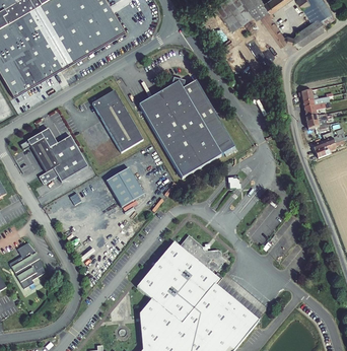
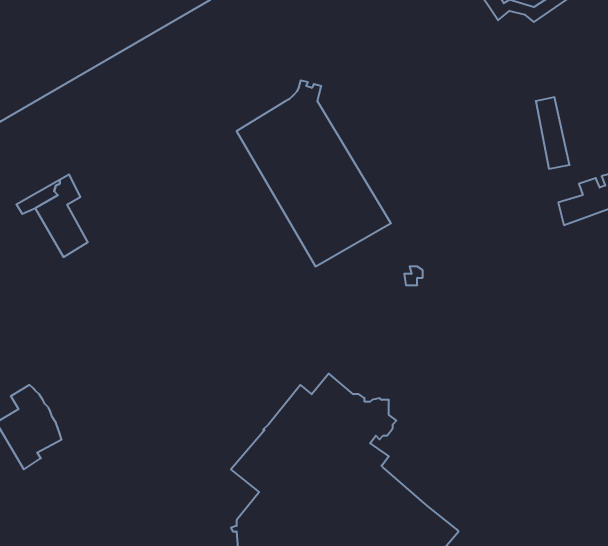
building: [183,80,235,154] -> none
building: [91,90,143,152] -> none
building: [39,136,88,185] -> none
building: [110,166,148,207] -> none

